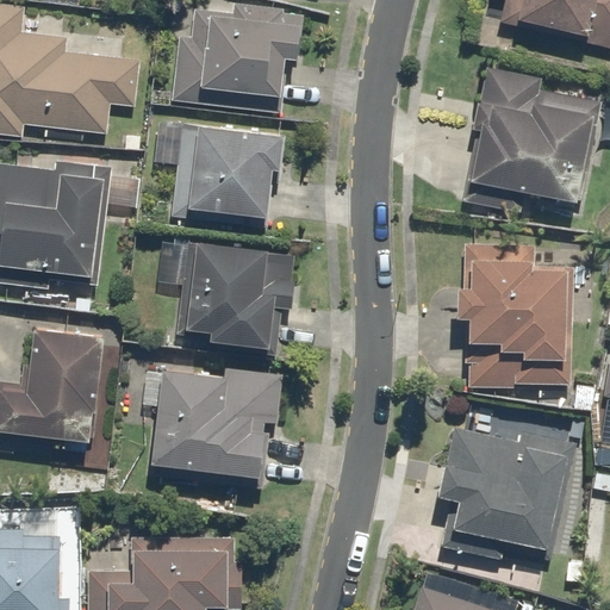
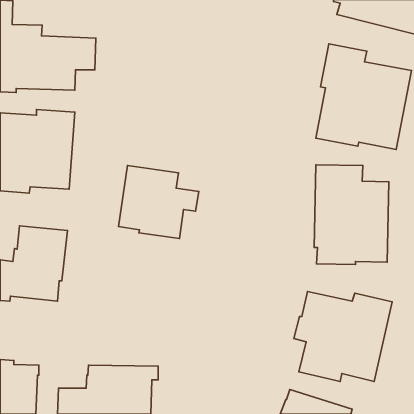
building: [172,5,304,108] -> none
building: [156,124,282,219] -> none
building: [149,367,282,477] -> none

